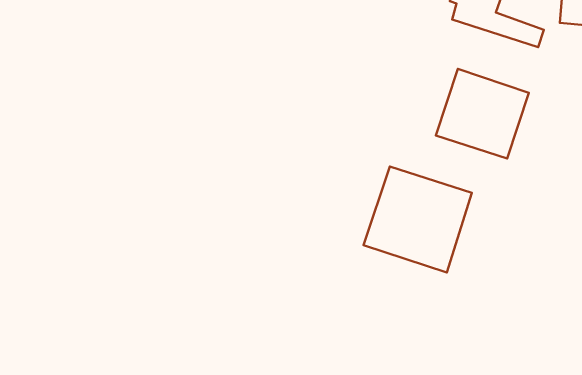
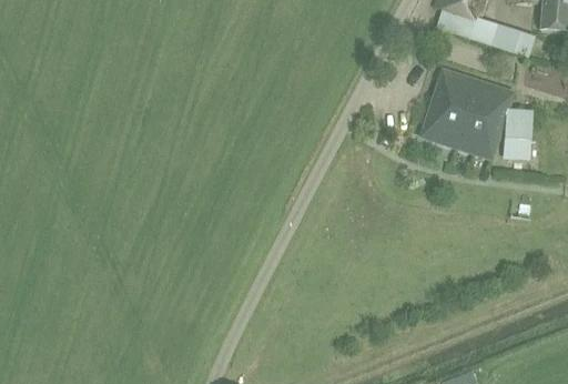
building: none -> [506,111,532,158]
building: [364,166,472,272] -> none

